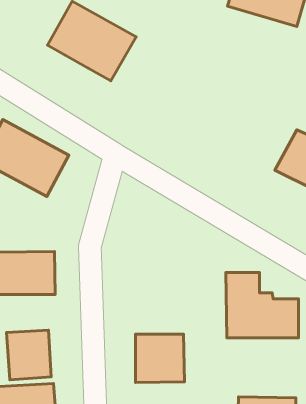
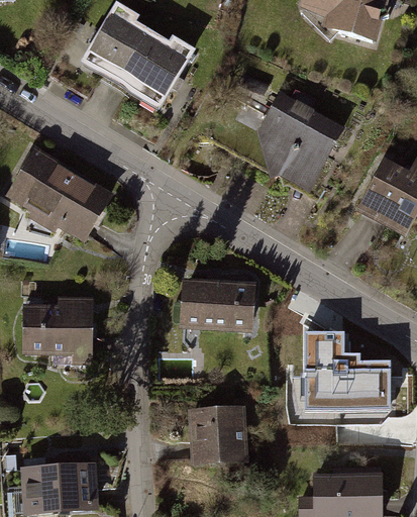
building: none -> [255,95,345,189]
building: none -> [182,283,256,334]
building: [6,330,51,380] -> none

